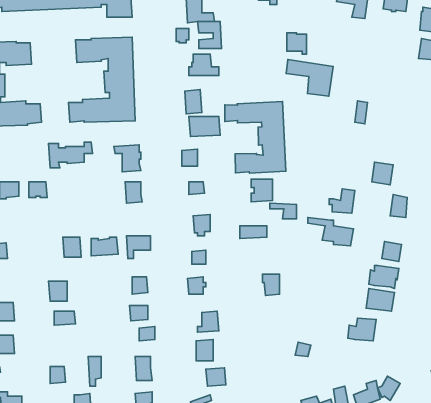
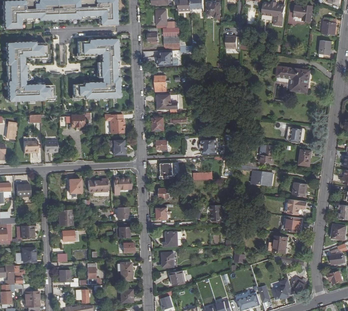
building: [286,59,333,96] -> [277,65,310,91]
building: [225,102,286,173] -> none

